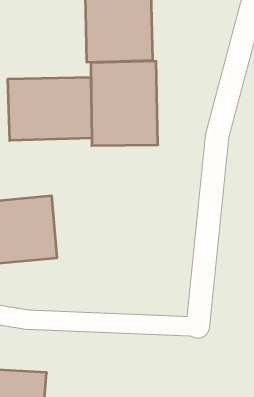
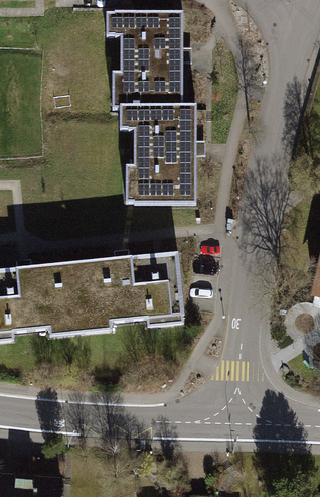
building: [8,77,92,141] -> none
building: none -> [73,253,183,334]

